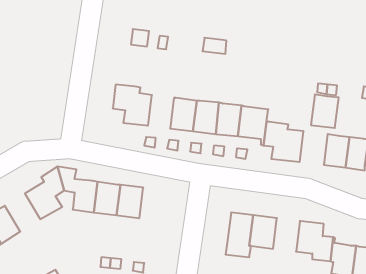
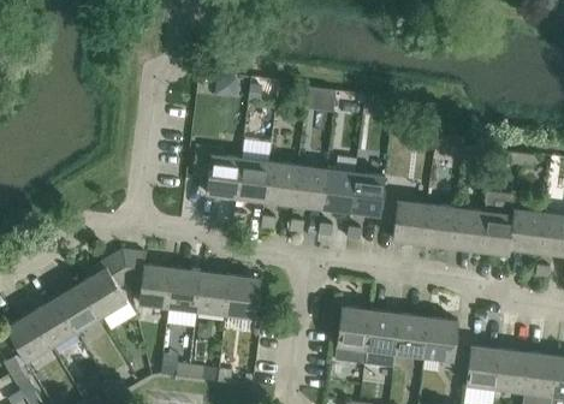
building: [311,95,339,128] -> [428,206,463,248]
building: none -> [237,160,269,202]
building: none -> [226,277,261,319]
building: none -> [57,284,101,332]
building: none -> [394,315,428,357]

